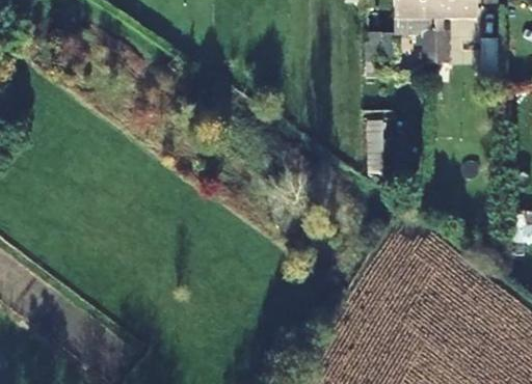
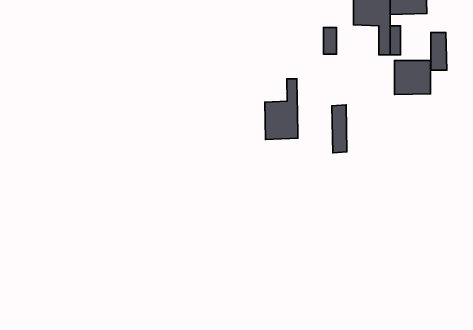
building: none -> [394,61,431,95]
building: none -> [265,79,298,140]

